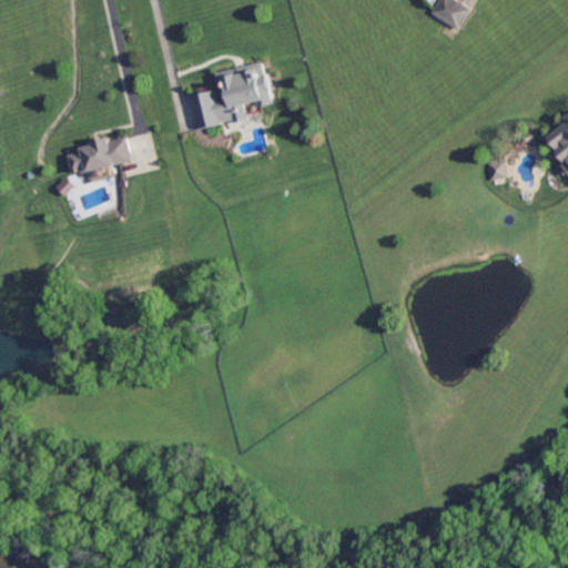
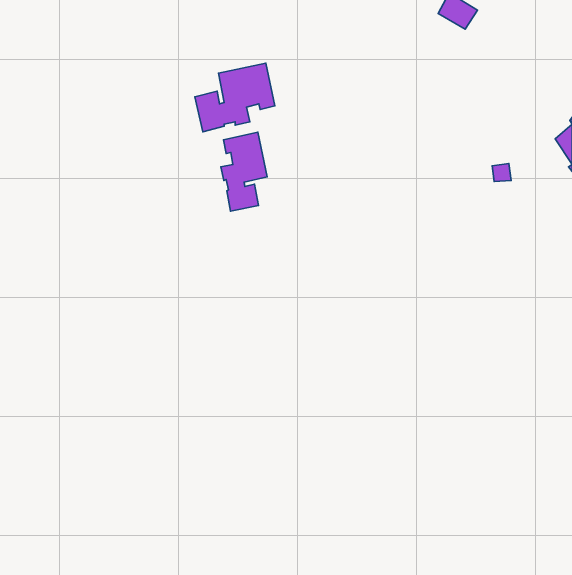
building: none -> [221,132,267,211]
building: [68,138,132,173] -> none

